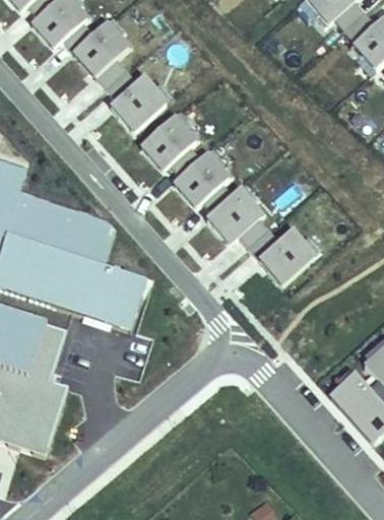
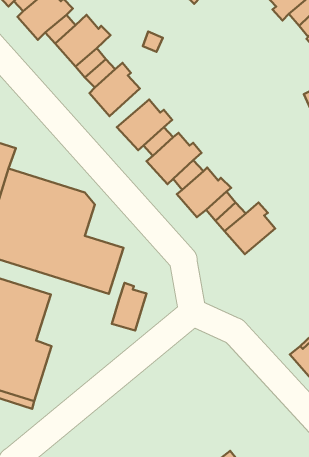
building: none -> [112,283,147,331]

